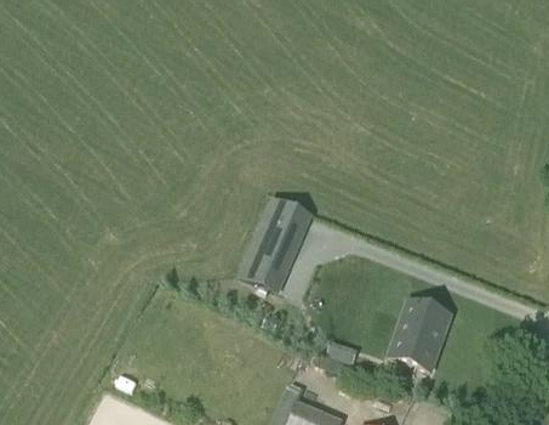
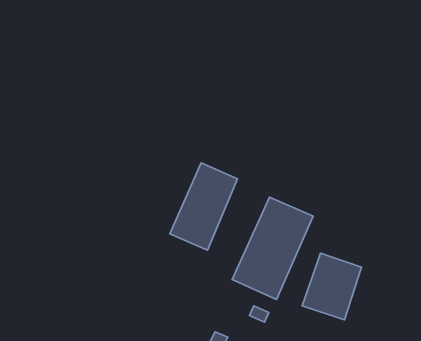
building: none -> [232,197,313,299]

